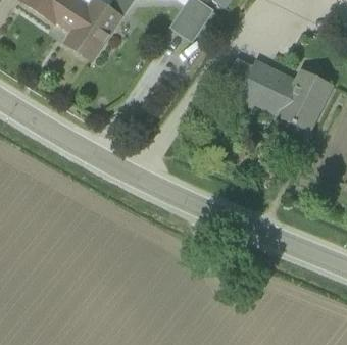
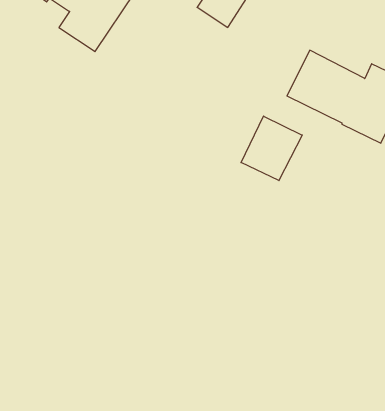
building: none -> [241,116,302,181]

